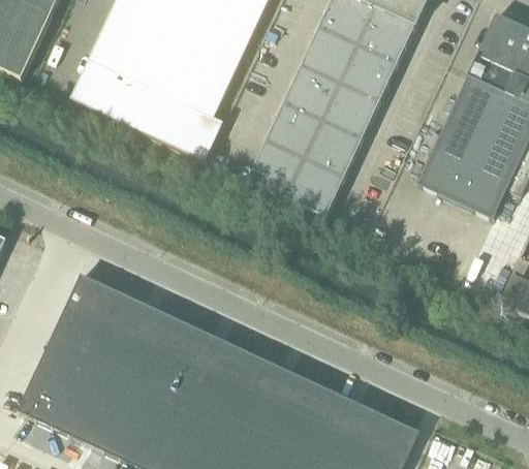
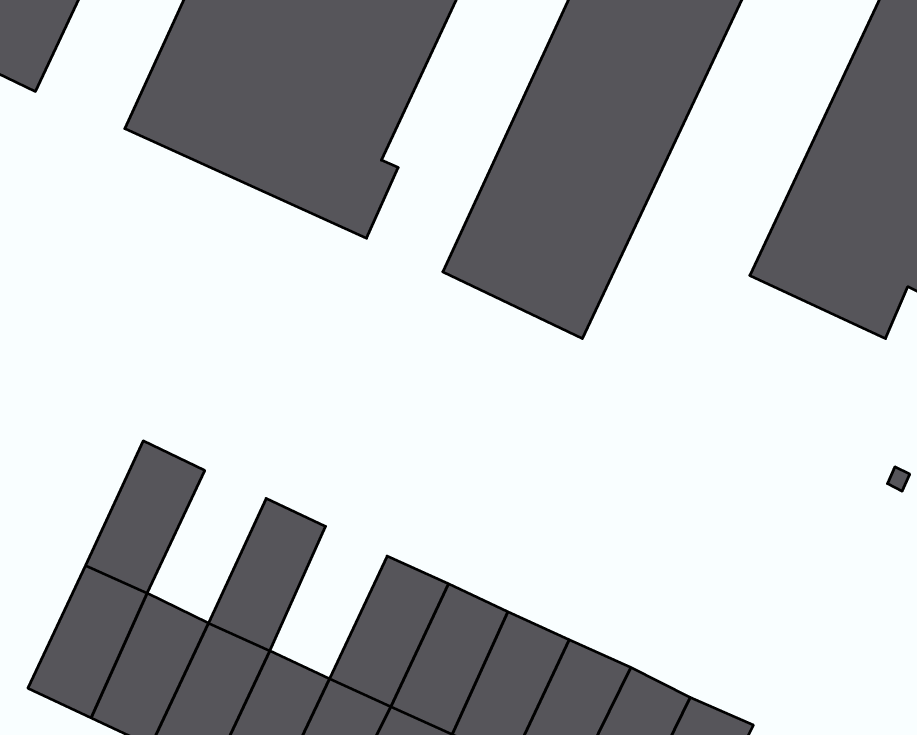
building: [83,289,149,374] -> none
building: [151,320,216,405] -> none

